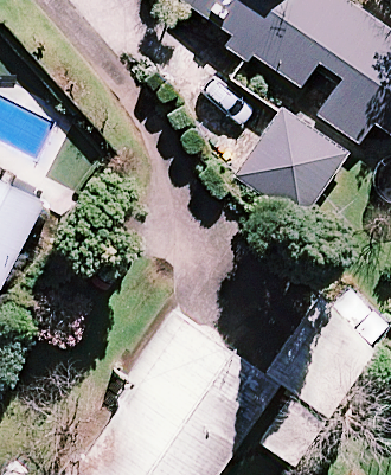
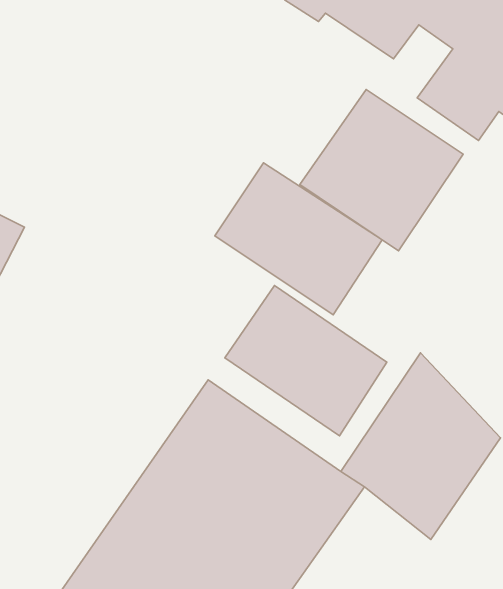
building: none -> [215,163,382,315]
building: none -> [225,285,387,436]

